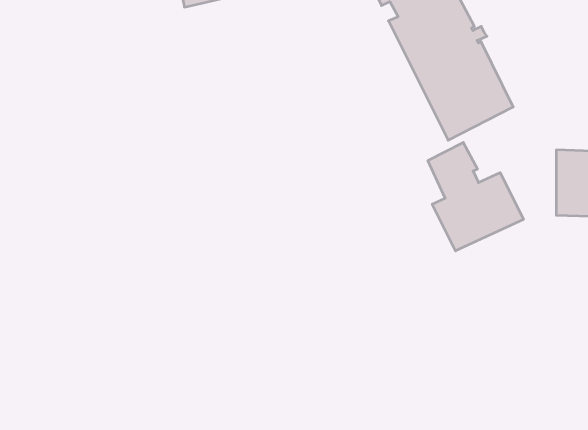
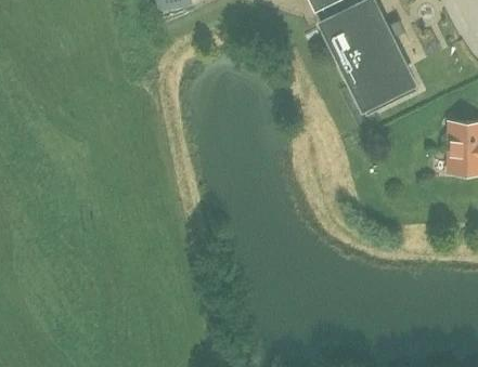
building: [428,142,523,251] -> none

